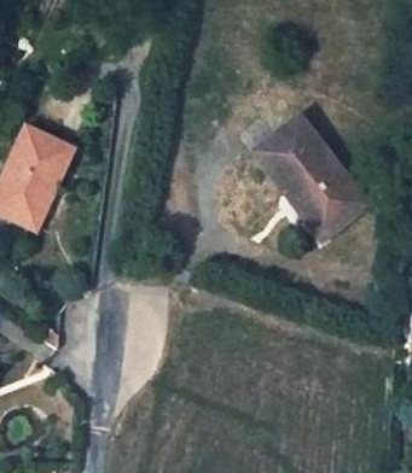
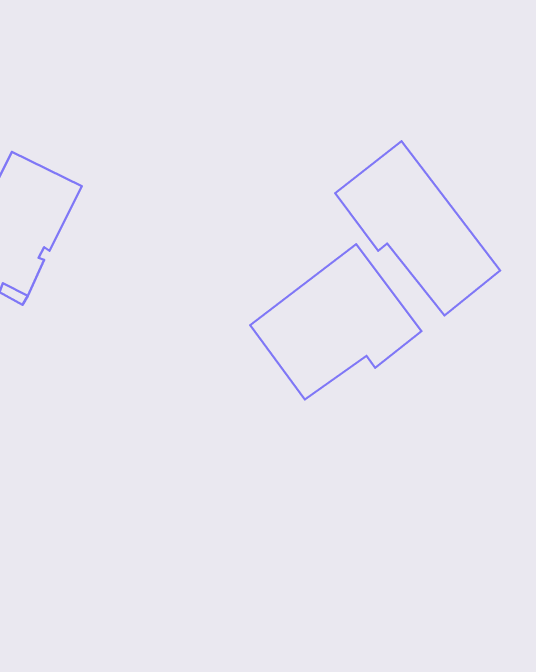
building: none -> [250,244,422,399]

